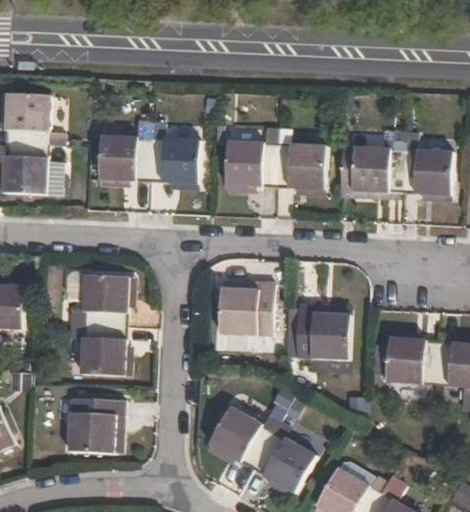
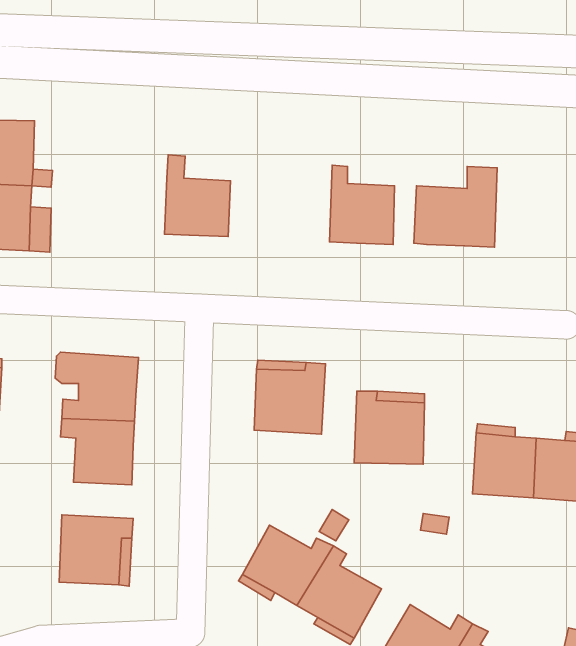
building: [100,121,152,182] -> none
building: [226,128,278,188] -> none
building: [403,131,451,194] -> none

